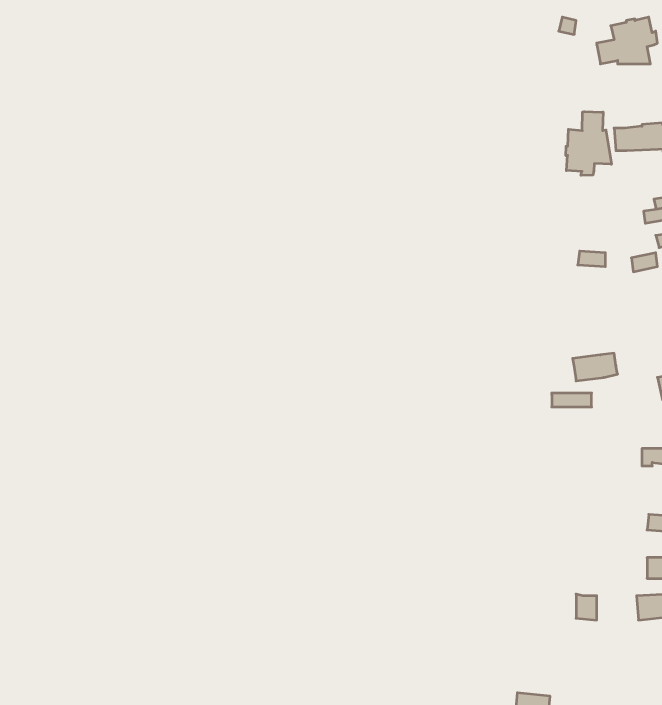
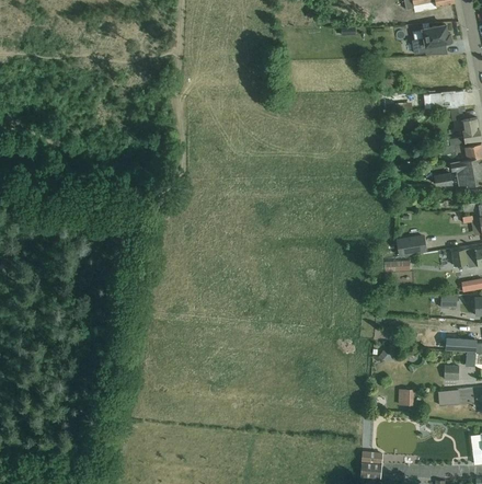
building: [566,112,611,175] -> none

